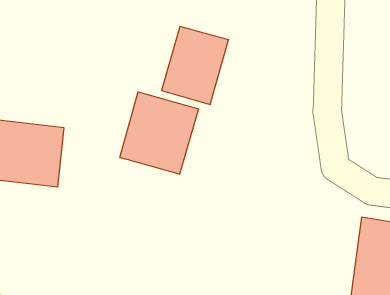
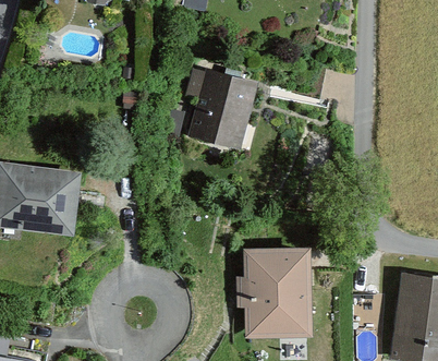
building: [120,92,199,174] -> none
building: none -> [242,250,313,336]

